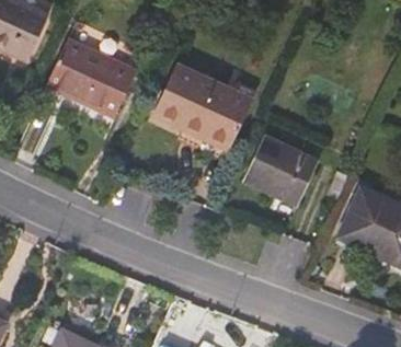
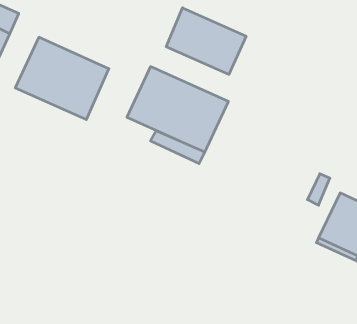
building: none -> [166,8,246,74]
building: [243,135,318,203] -> none

